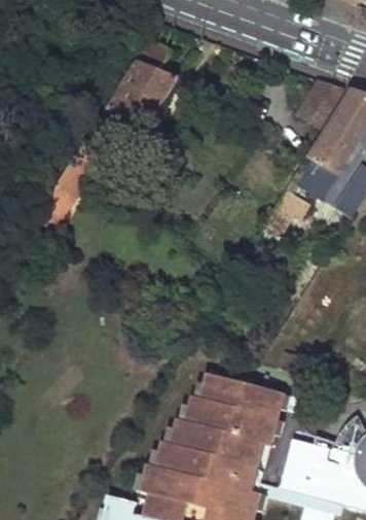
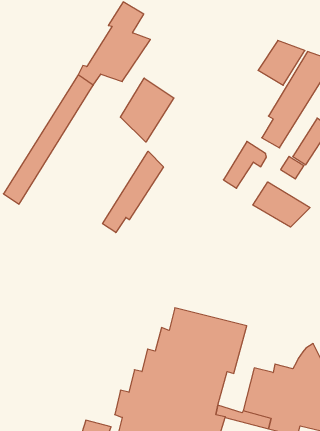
building: none -> [120,78,174,142]
building: none -> [103,151,163,233]
building: none -> [253,182,310,227]

